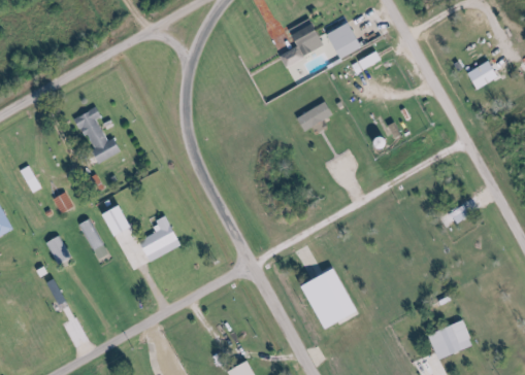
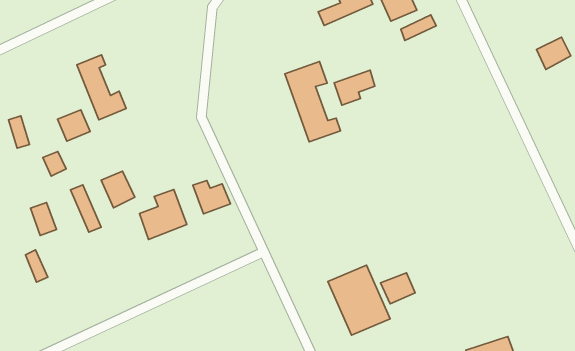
building: none -> [285,62,340,142]
building: none -> [58,110,90,141]
building: none -> [193,180,230,214]
building: none -> [380,273,415,304]

